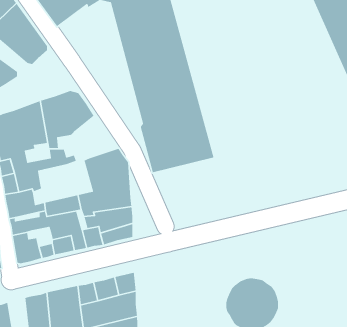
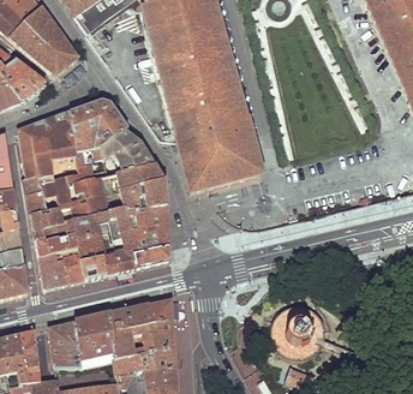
building: none -> [107,130,155,173]
building: none -> [62,180,110,223]

